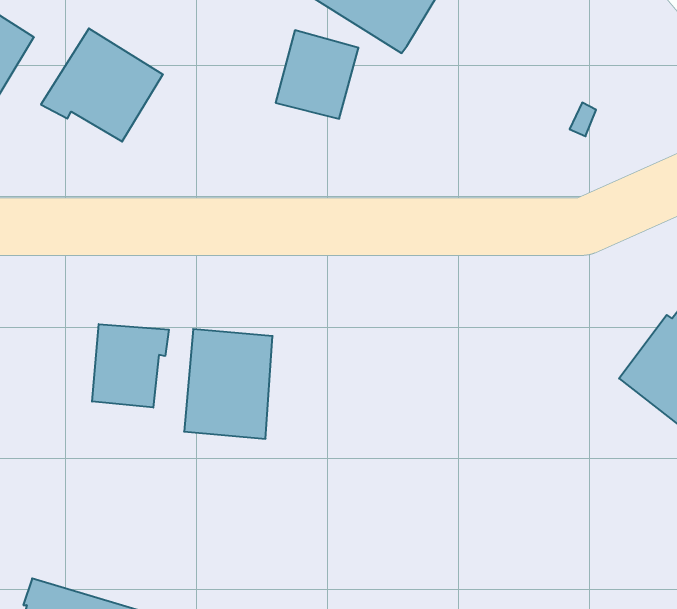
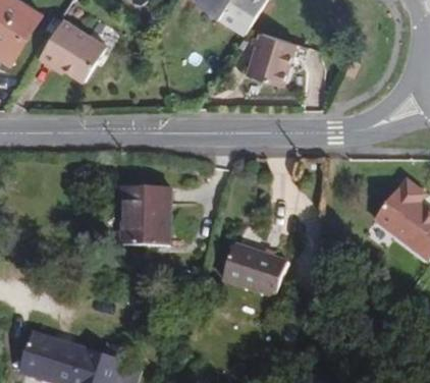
building: [276,30,359,119] -> [250,32,298,83]
building: [92,324,169,408] -> none
building: none -> [222,248,287,299]

